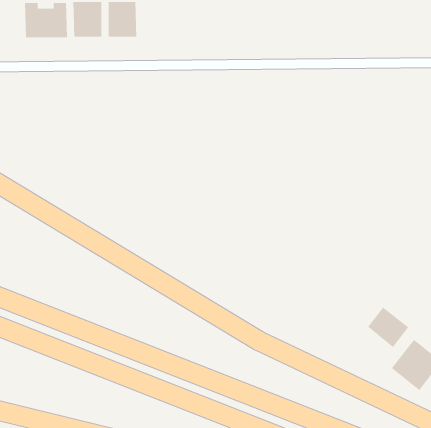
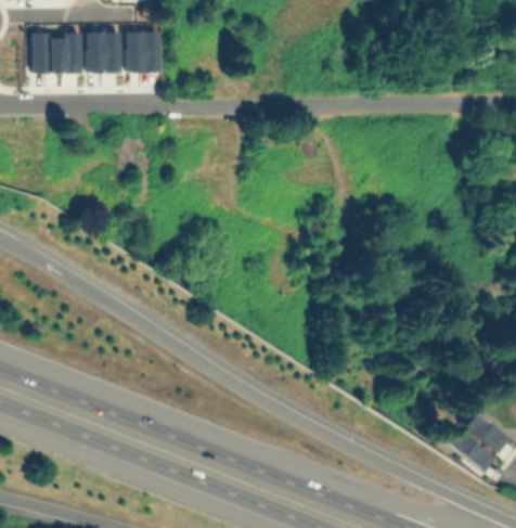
building: [367,307,409,348] -> none

